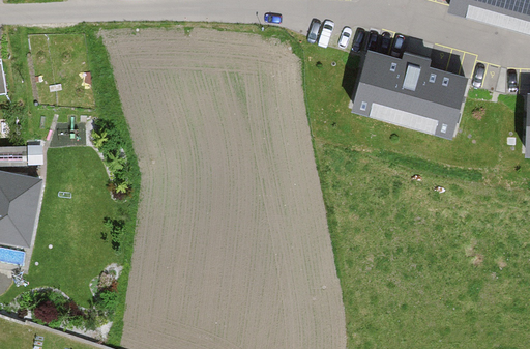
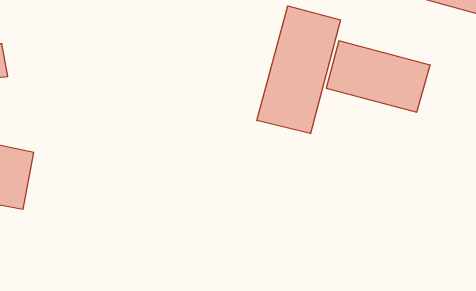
building: none -> [257,6,341,134]

